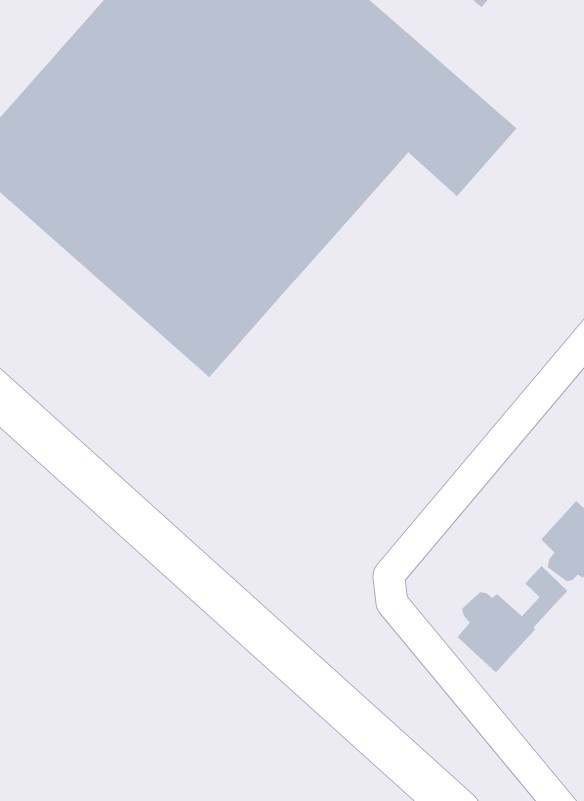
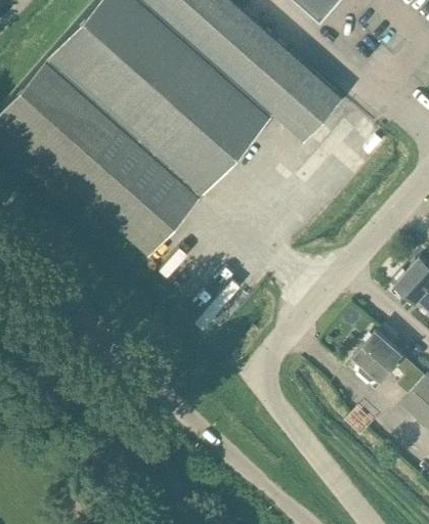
building: [457,565,568,673] -> none

